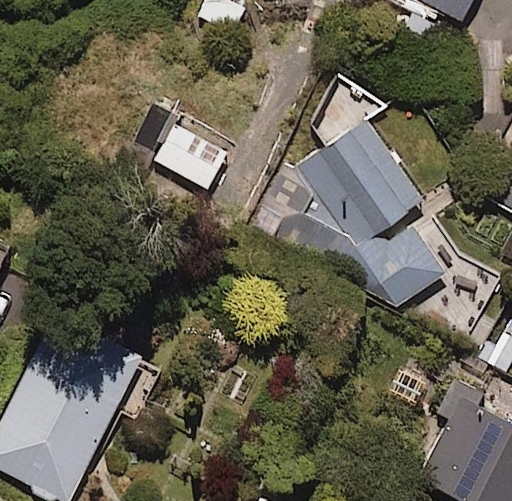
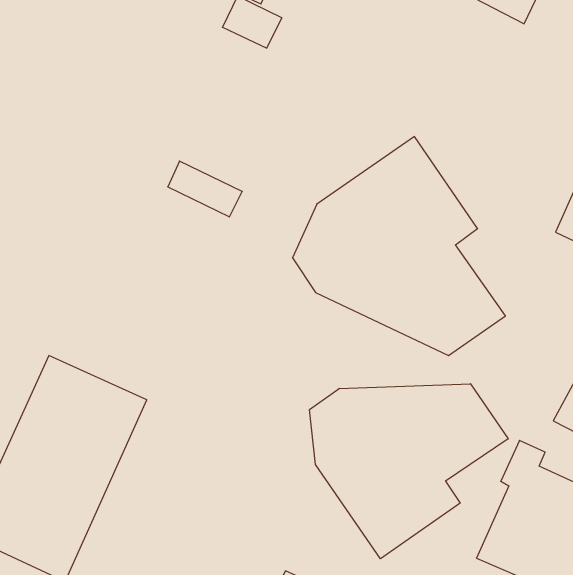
building: none -> [309,384,508,559]

